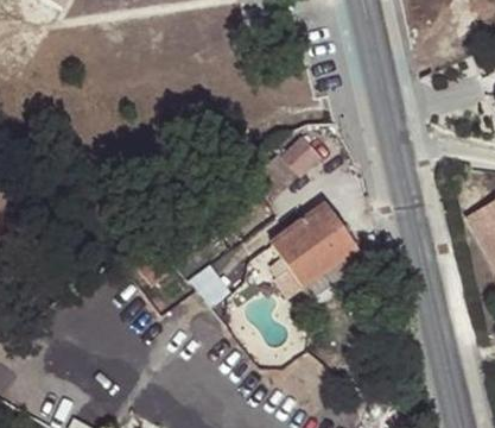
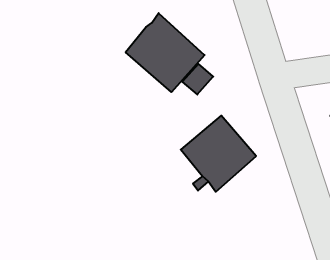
building: none -> [126,13,205,92]

